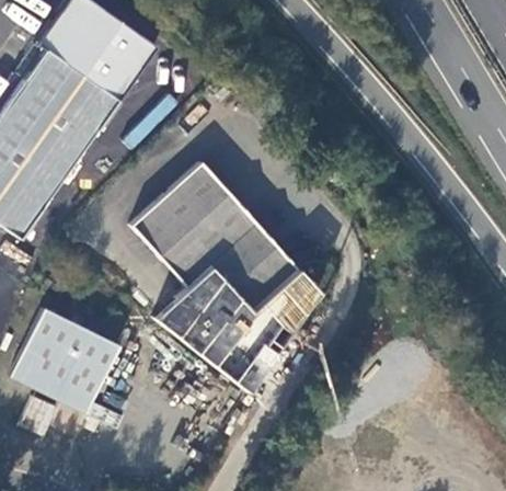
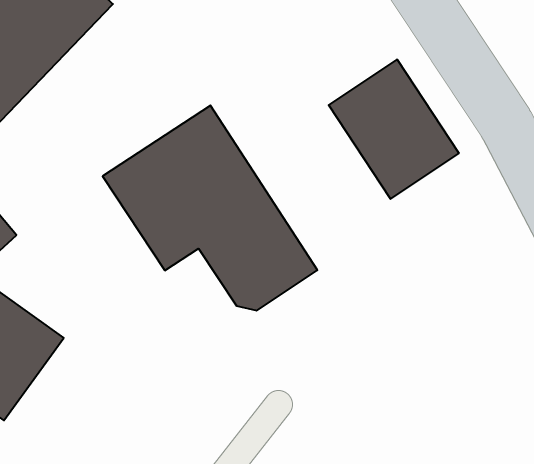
building: none -> [329,59,459,199]
building: [154,265,319,396] -> none

